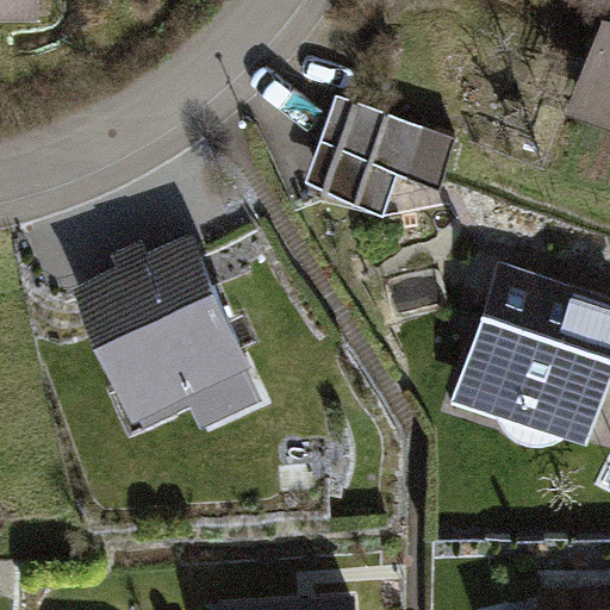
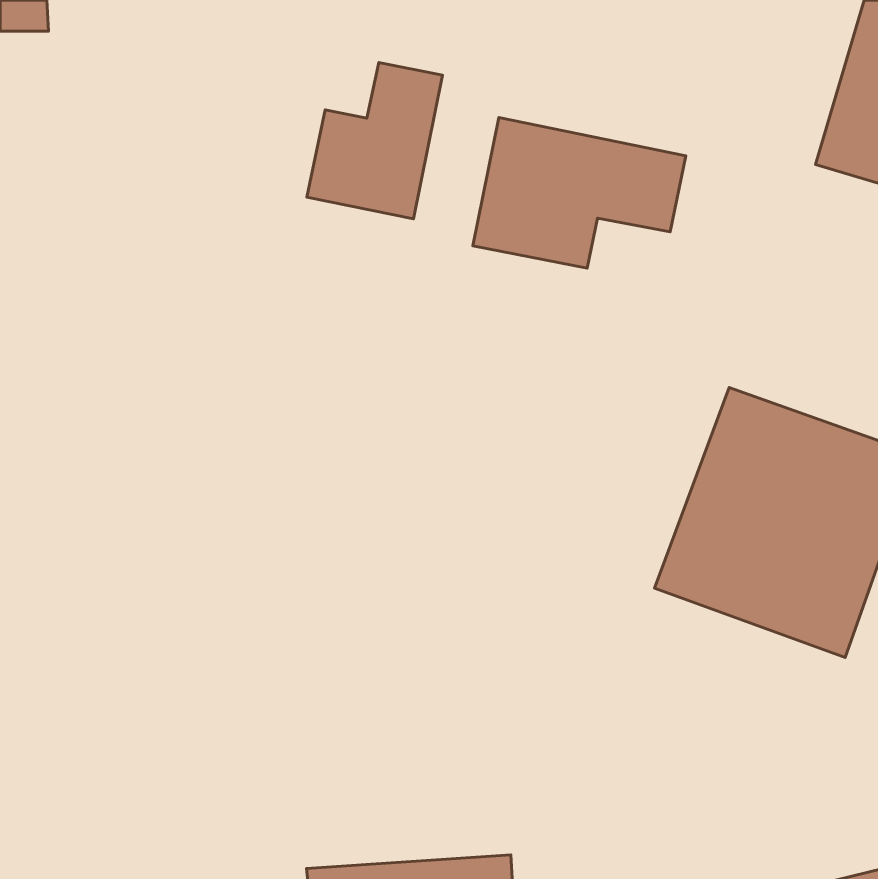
building: none -> [307,63,442,219]
building: [67,238,259,435] -> none

